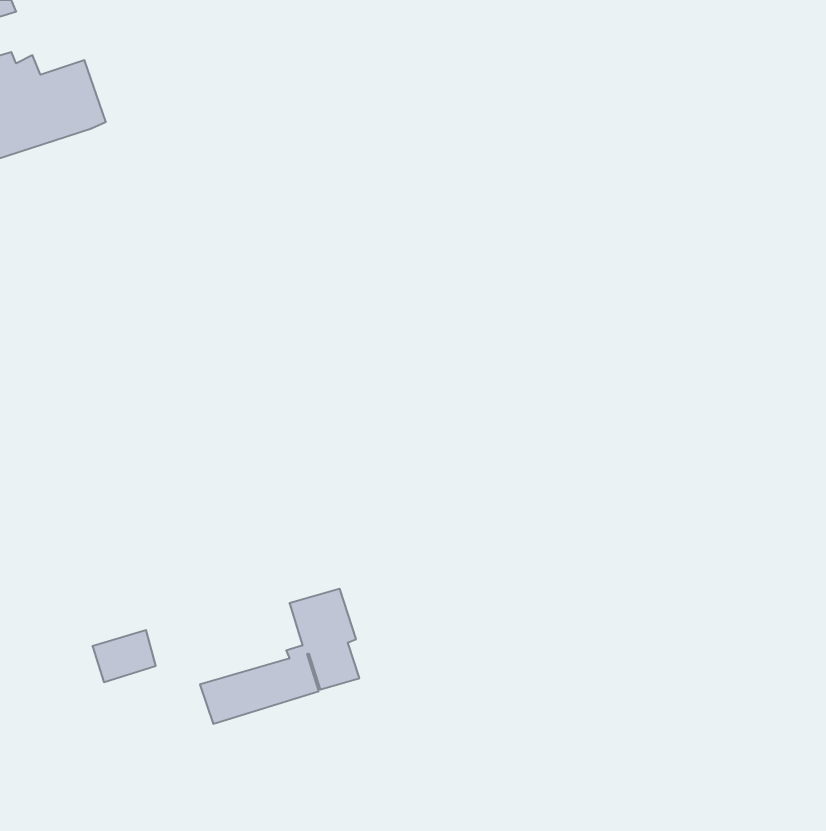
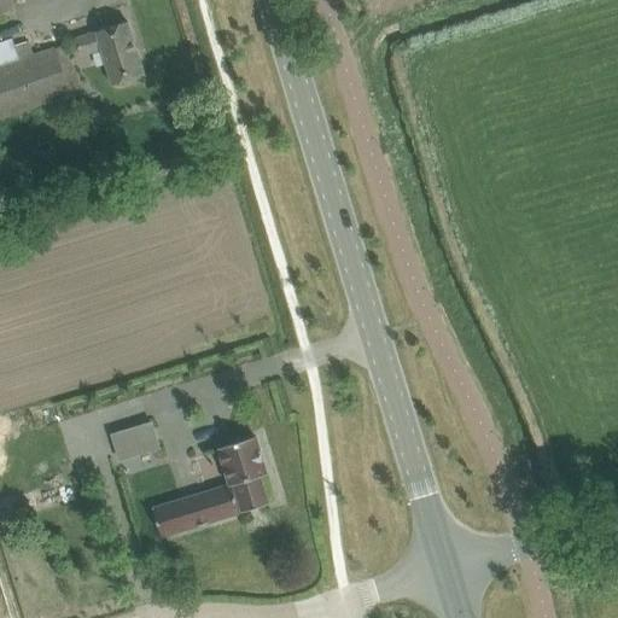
building: none -> [72,22,141,86]
building: [92,630,156,682] -> [109,422,156,461]

